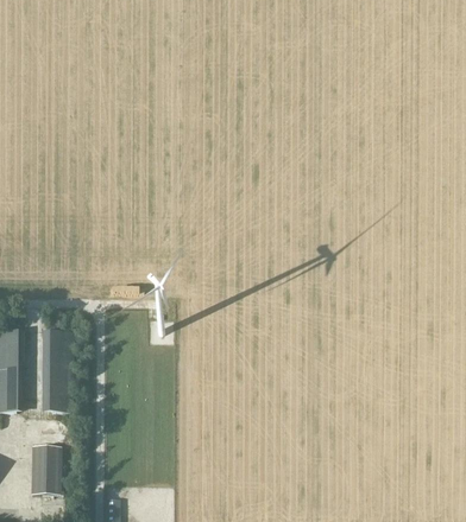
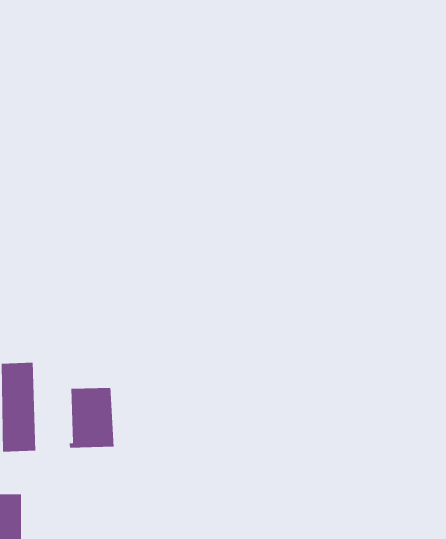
building: none -> [69,387,115,448]

